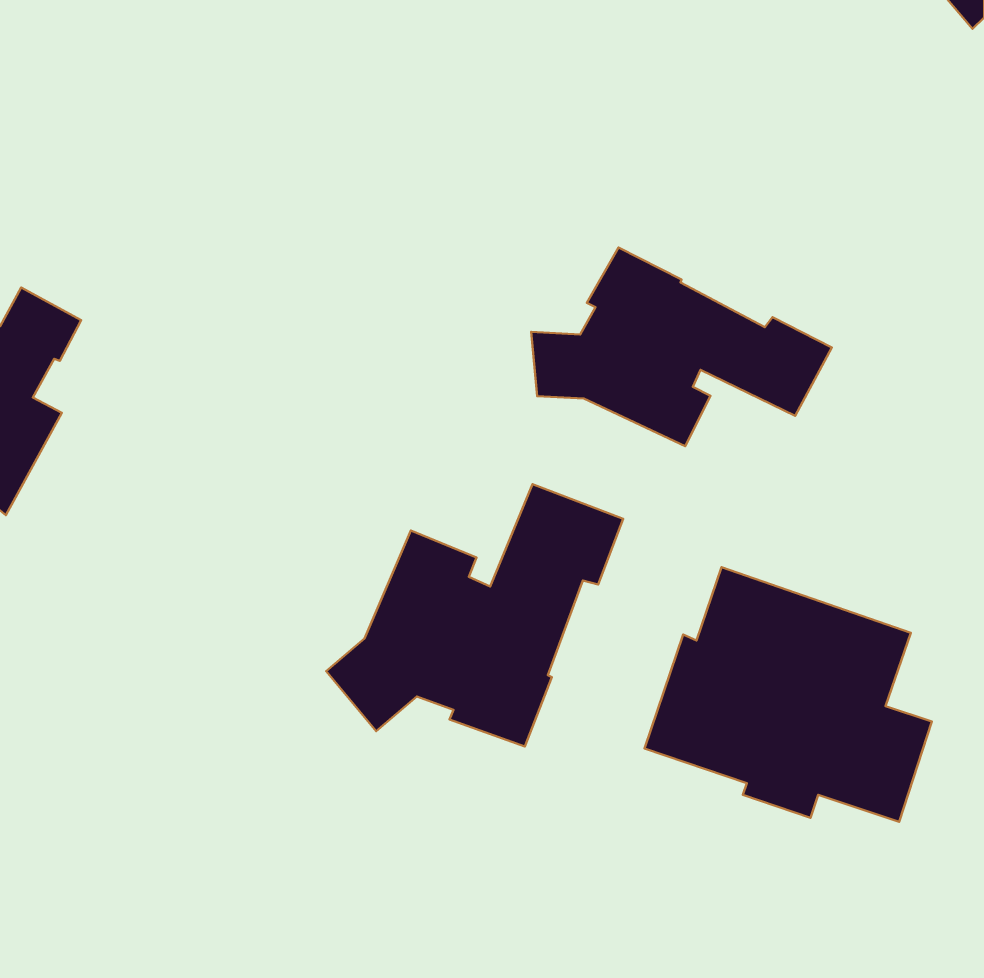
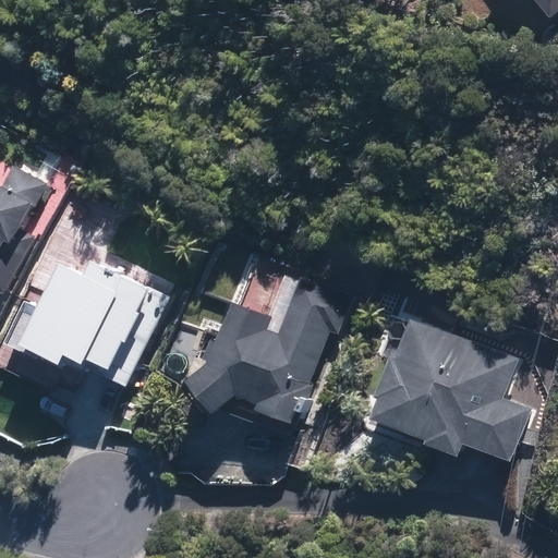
building: [531,247,832,446] -> none
building: none -> [19,256,170,384]

